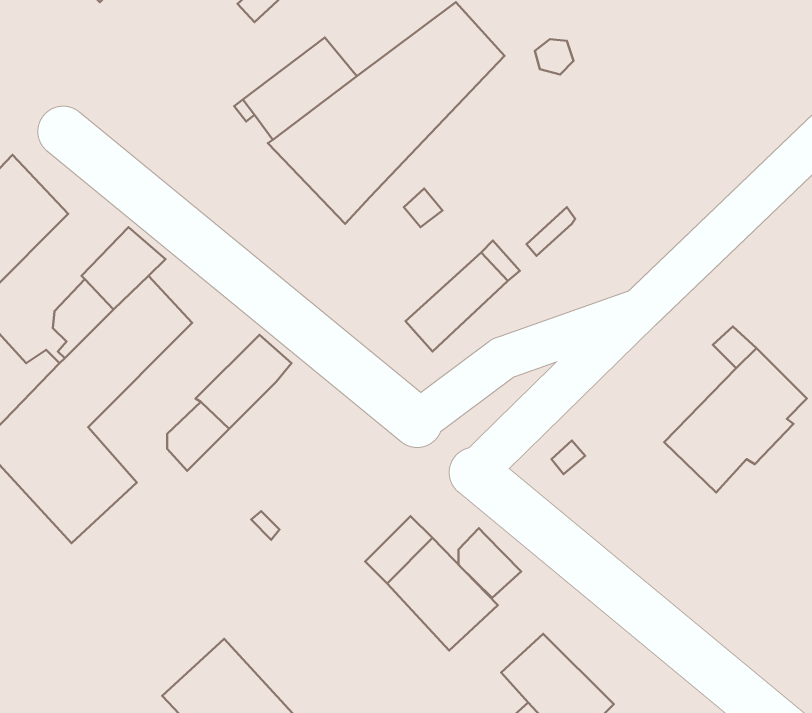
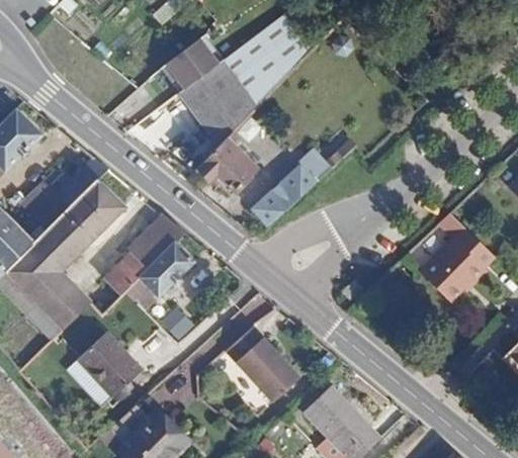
building: none -> [197,132,254,189]
building: none -> [124,244,193,311]
building: [459,528,521,598] -> none
building: none -> [74,338,139,402]

